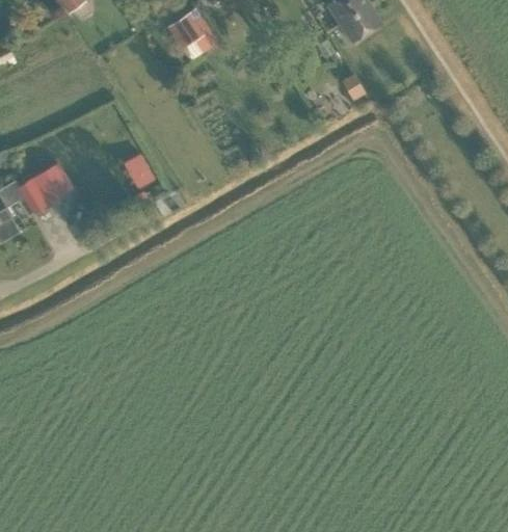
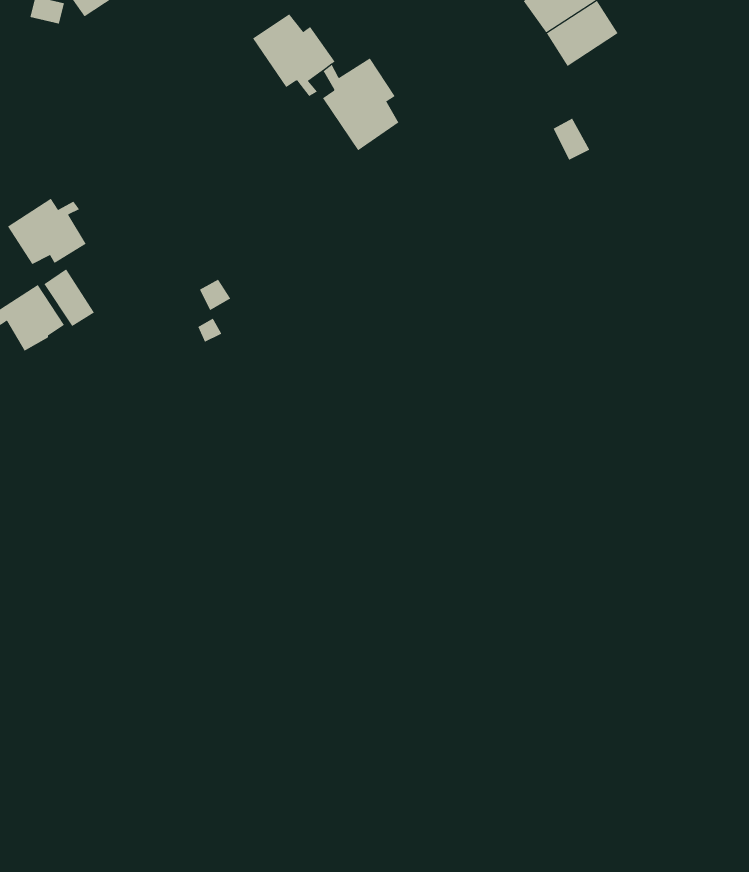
building: none -> [322,58,399,151]
building: none -> [7,198,86,265]

